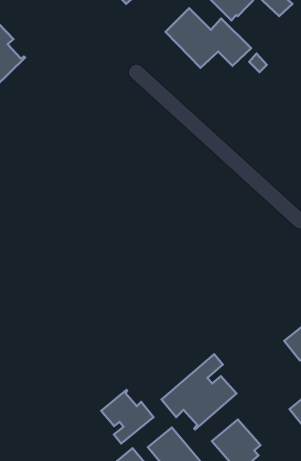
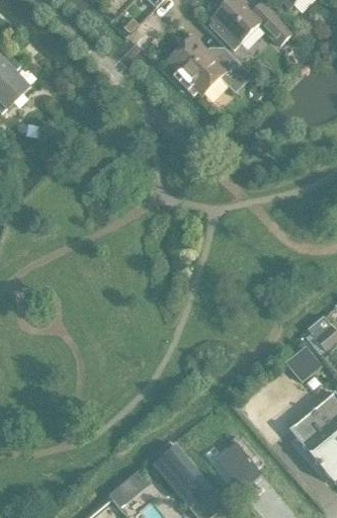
building: [162,354,236,430] -> none
building: [101,390,153,444] -> none

